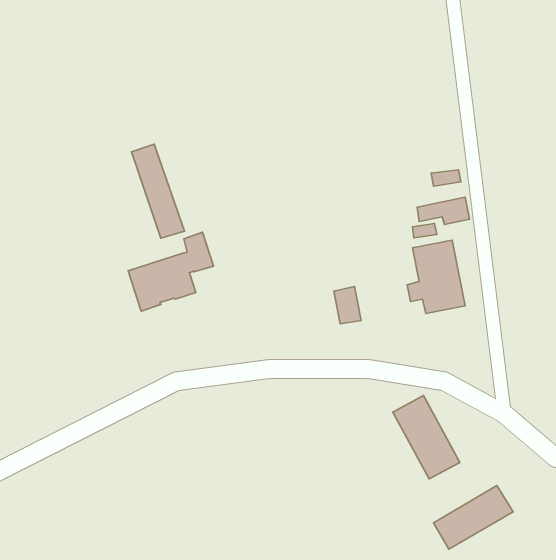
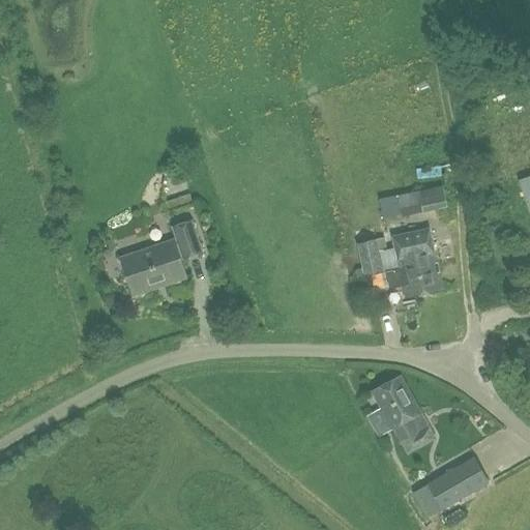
building: [131,144,184,238] -> none
building: [334,287,361,324] -> [355,239,381,274]

